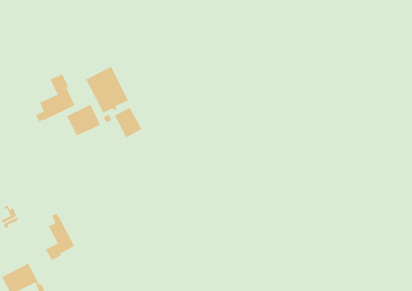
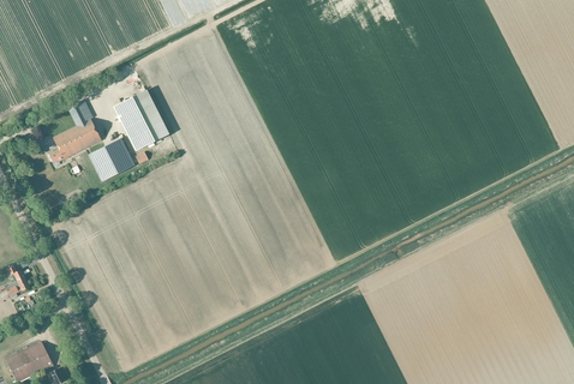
building: [114,107,143,139] -> none
building: [45,212,75,261] -> none

